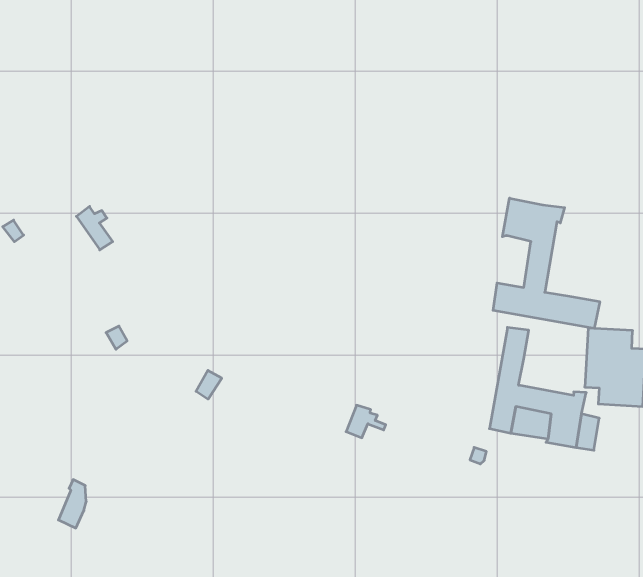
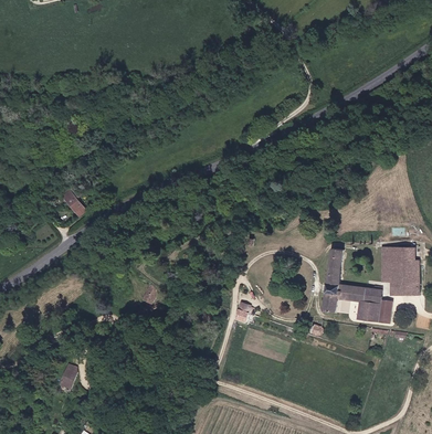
building: [493,198,600,328] -> none

